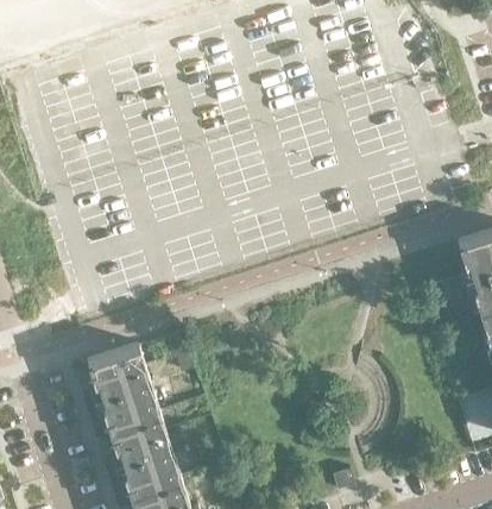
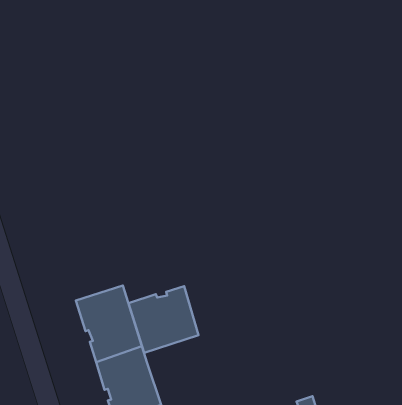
building: none -> [128,286,199,353]

